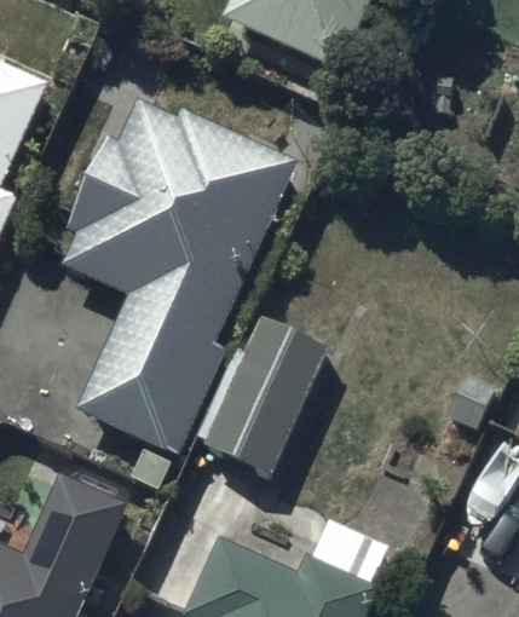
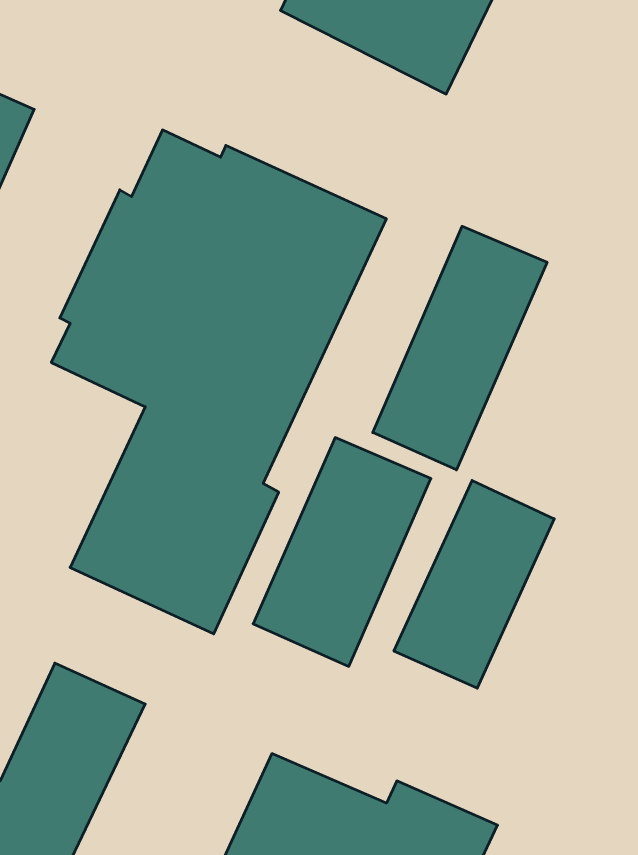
building: none -> [373,226,547,470]
building: none -> [394,480,554,688]

